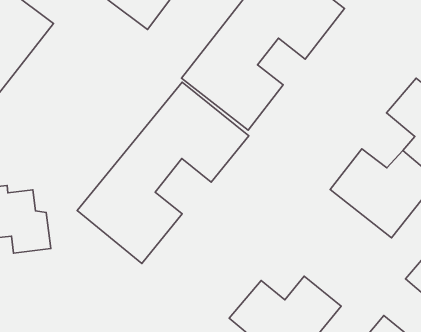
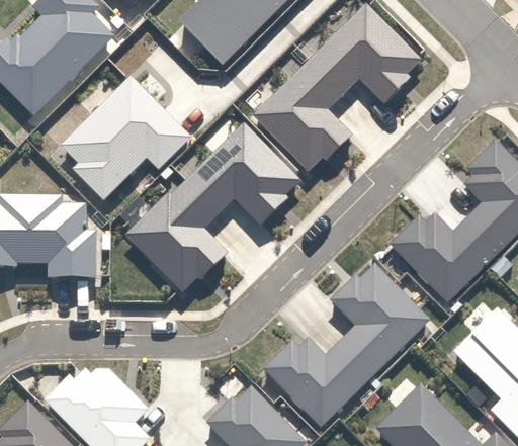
building: none -> [61,79,186,195]
building: none -> [335,259,438,371]

